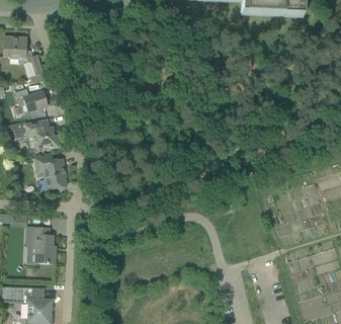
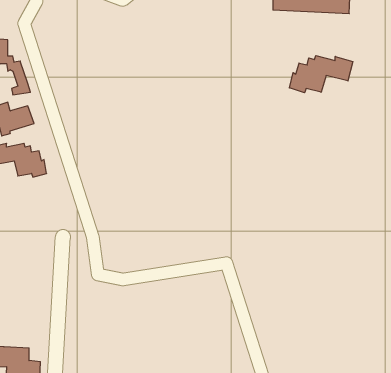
building: none -> [289,56,353,93]
building: [34,153,67,188] -> none
building: [27,227,56,262] -> none

